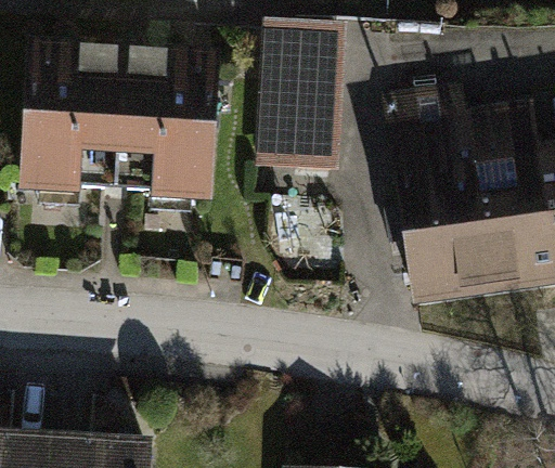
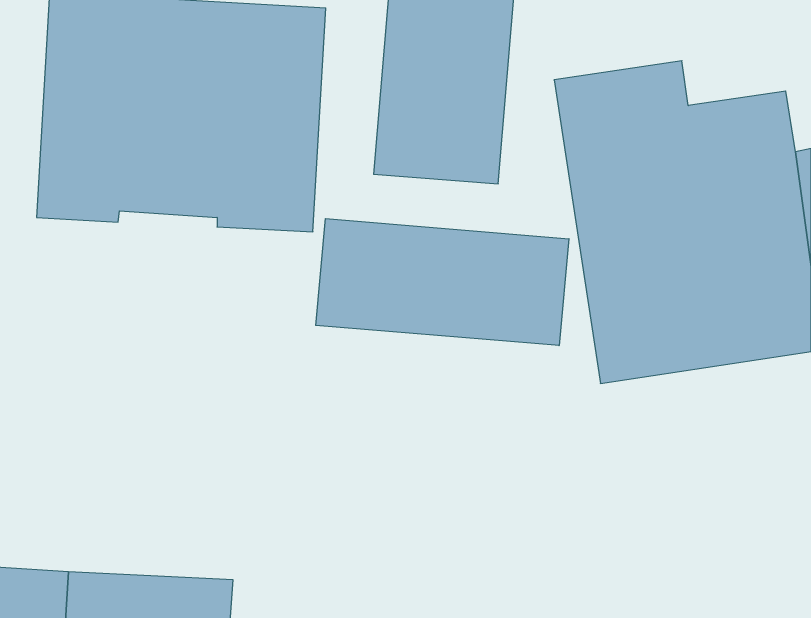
building: none -> [316,219,569,346]

